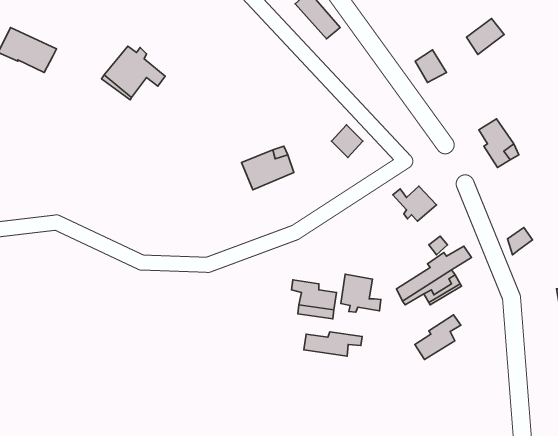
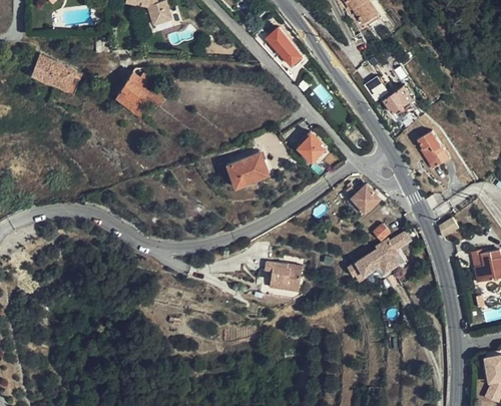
building: [467,18,504,55] -> [383,85,413,114]
building: [341,274,381,312] -> none
building: [415,315,461,359] -> none
building: [304,332,362,356] -> none

